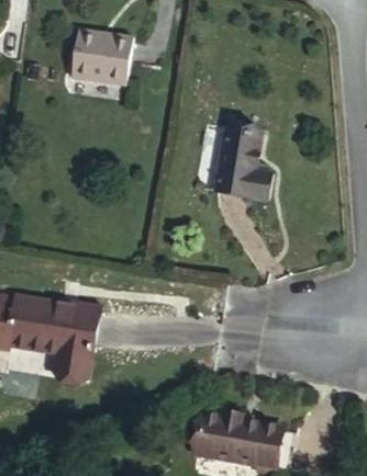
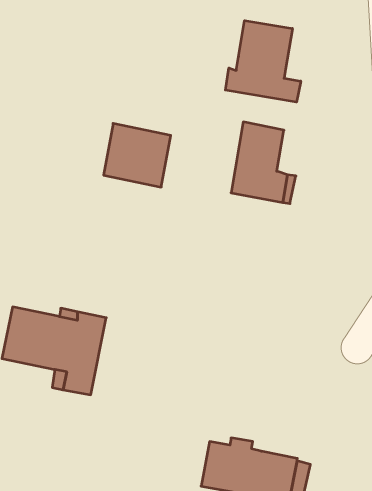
building: [70,27,132,86] -> [104,123,171,187]
building: none -> [225,21,301,102]

